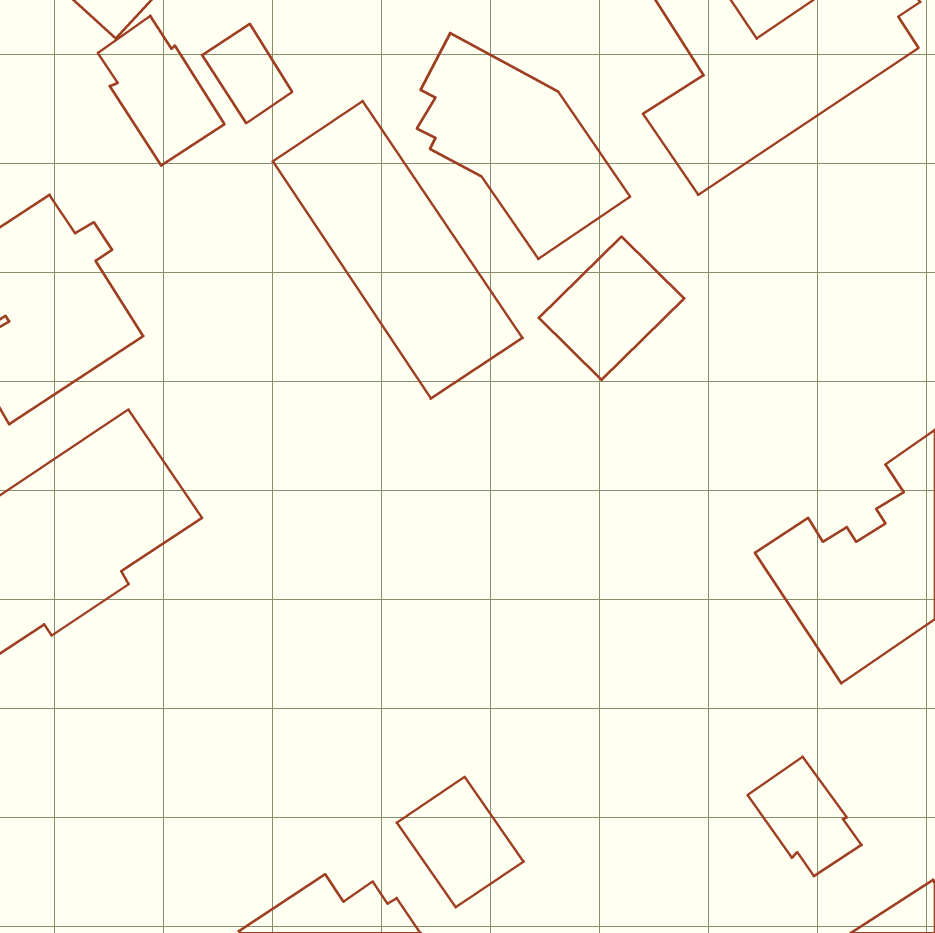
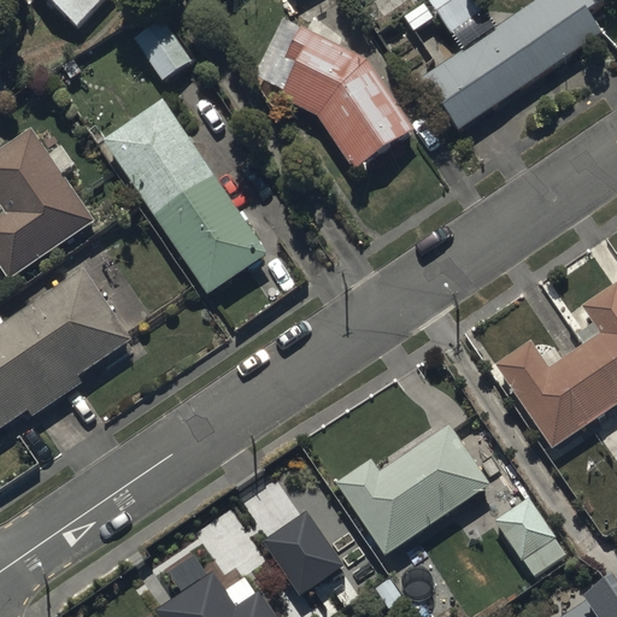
building: [98,16,224,166] -> none
building: [273,101,523,399] -> [102,99,266,294]
building: [539,237,684,380] -> none
building: none -> [337,423,490,554]

